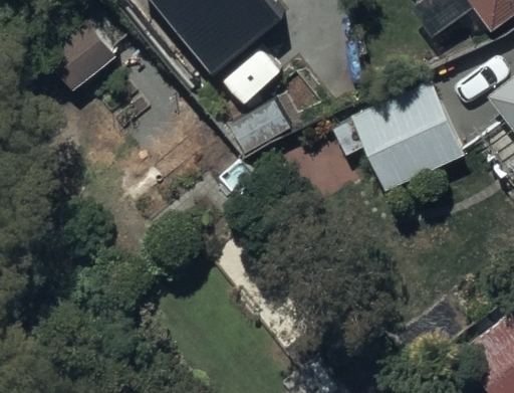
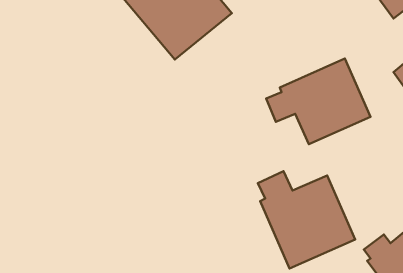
building: none -> [258,171,355,268]

